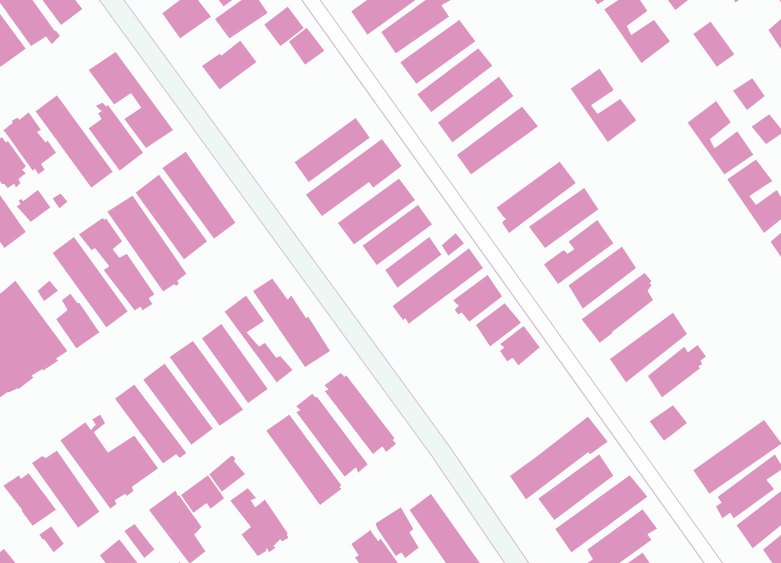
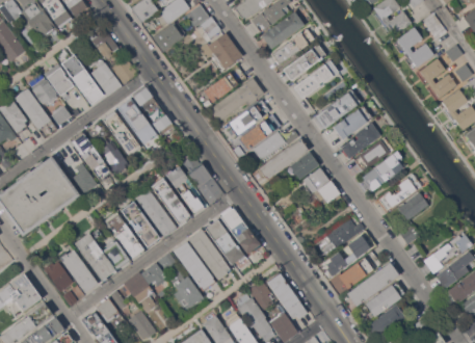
building: none -> [202,33,242,70]
building: [570,68,638,143] -> [398,27,436,69]
building: none -> [326,218,366,253]
building: none -> [174,242,216,292]

